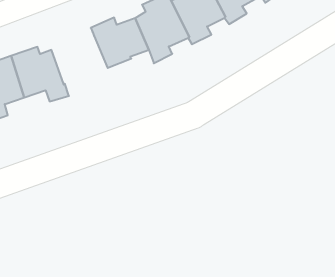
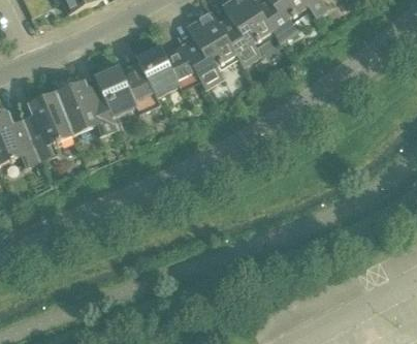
building: none -> [94,61,160,118]

